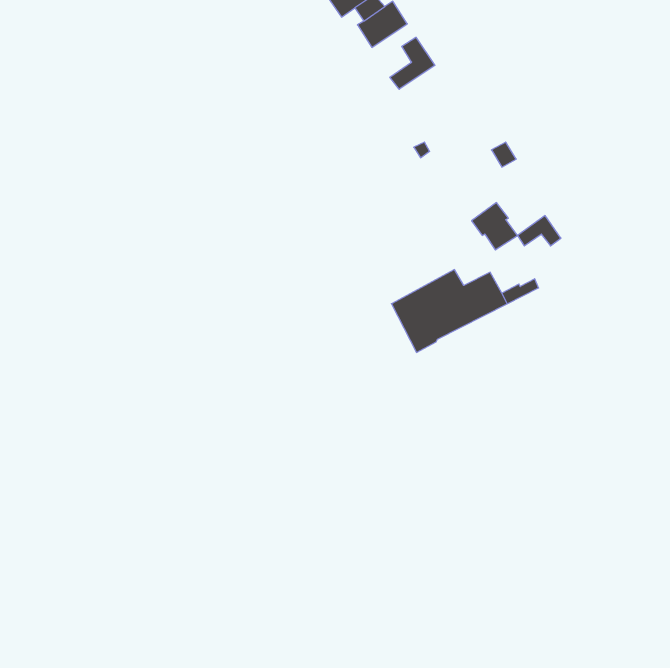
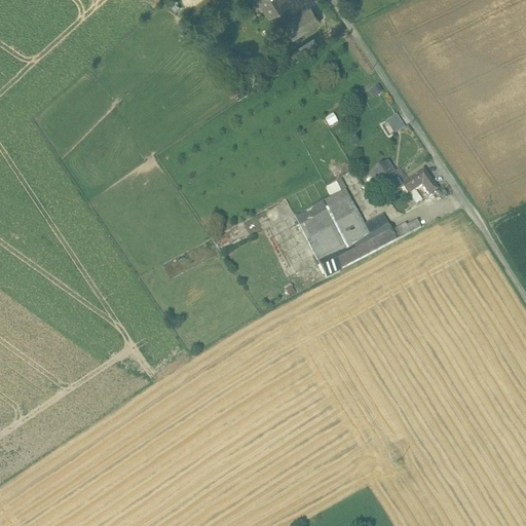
building: [390,37,435,89] -> none
building: none -> [294,188,355,237]

